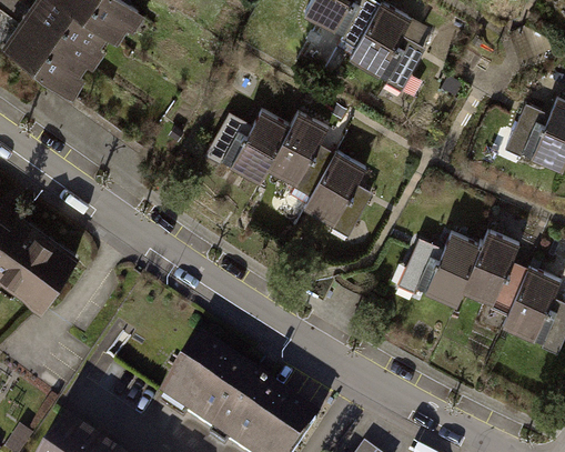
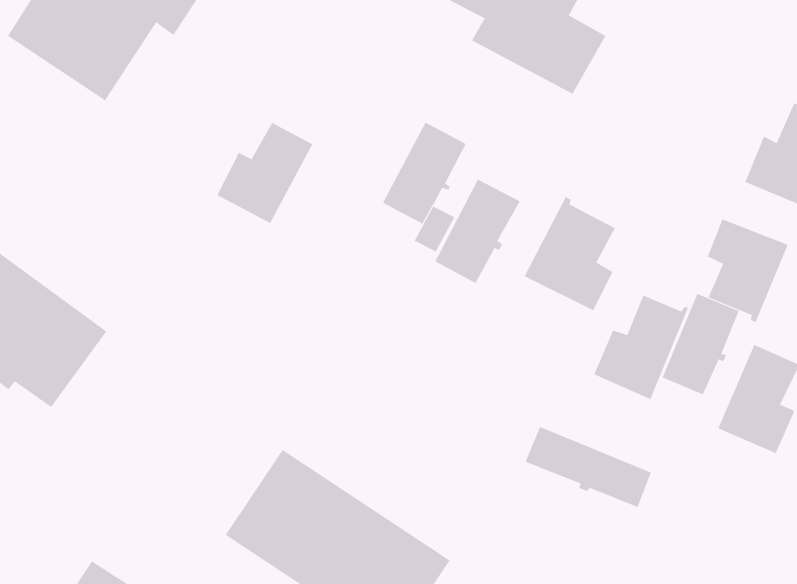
building: [221,108,289,179] -> [216,122,313,224]
building: none -> [524,196,616,311]
building: none -> [707,218,788,323]
building: none -> [525,426,652,508]

